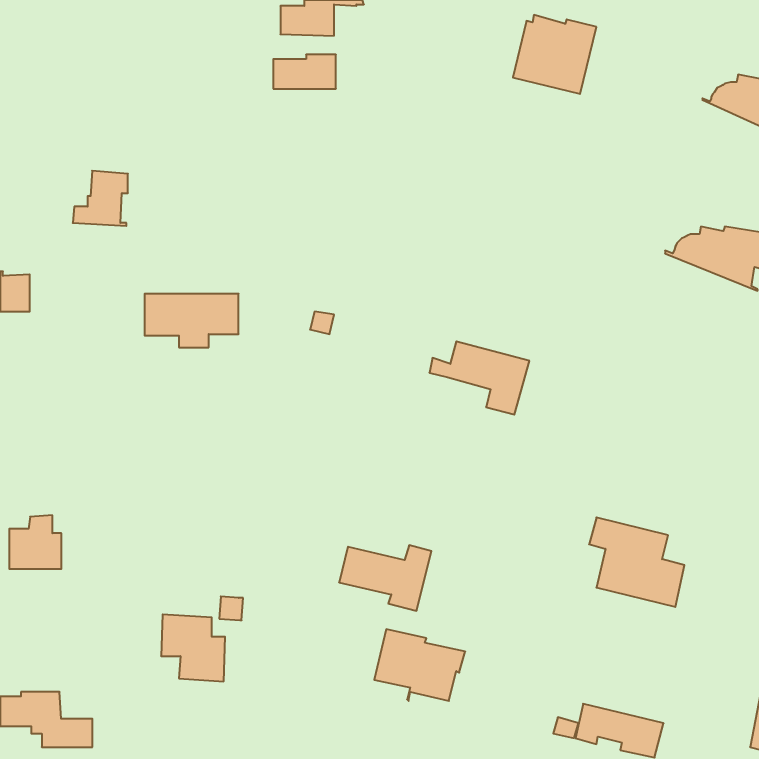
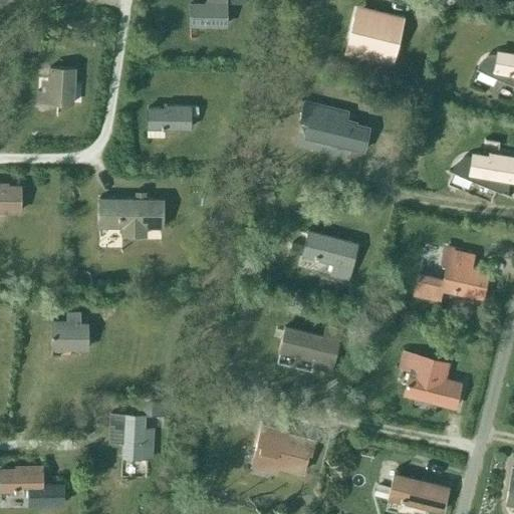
building: [273,55,336,89] -> [149,106,191,130]
building: none -> [301,101,370,153]
building: [73,171,128,226] -> [38,68,75,105]
building: none -> [415,245,488,300]
building: [9,515,61,569] -> [53,313,88,349]
building: [339,545,431,611] -> [280,327,342,371]

